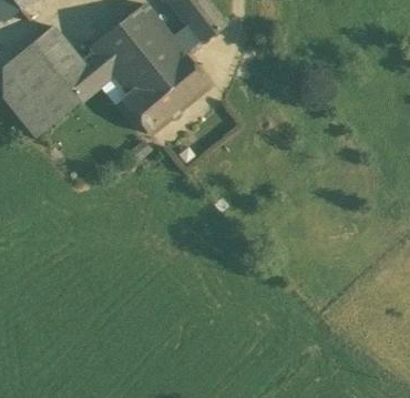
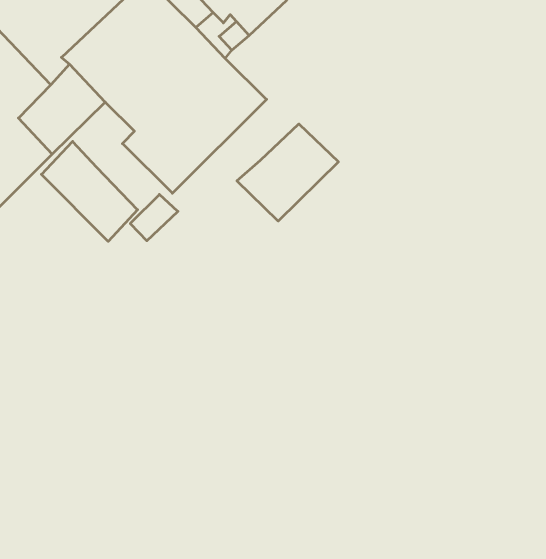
building: none -> [41,141,138,241]
building: none -> [237,124,338,221]

